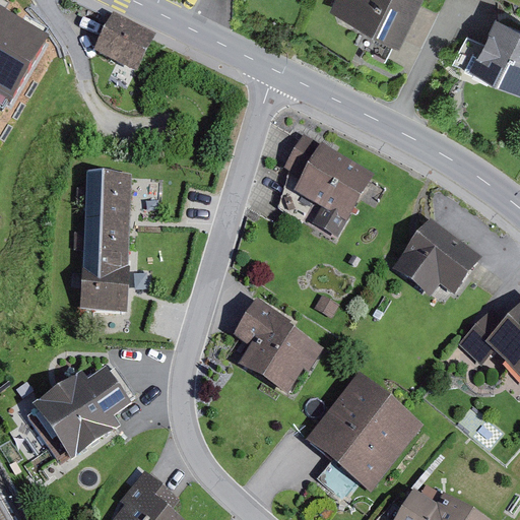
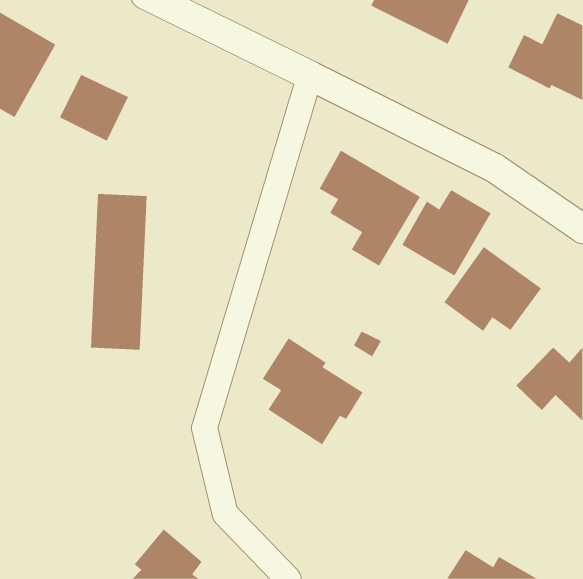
building: [93,13,155,73] -> [59,74,129,142]
building: none -> [402,189,492,277]
building: [27,362,136,462] -> none
building: [306,374,422,491] -> none

